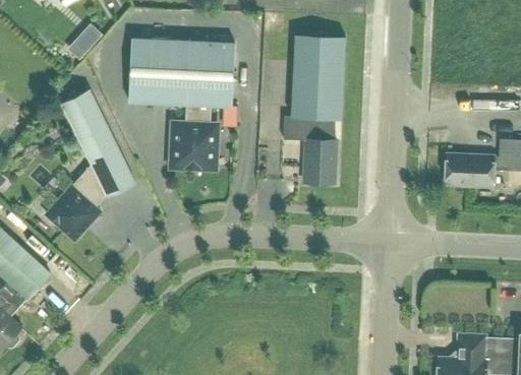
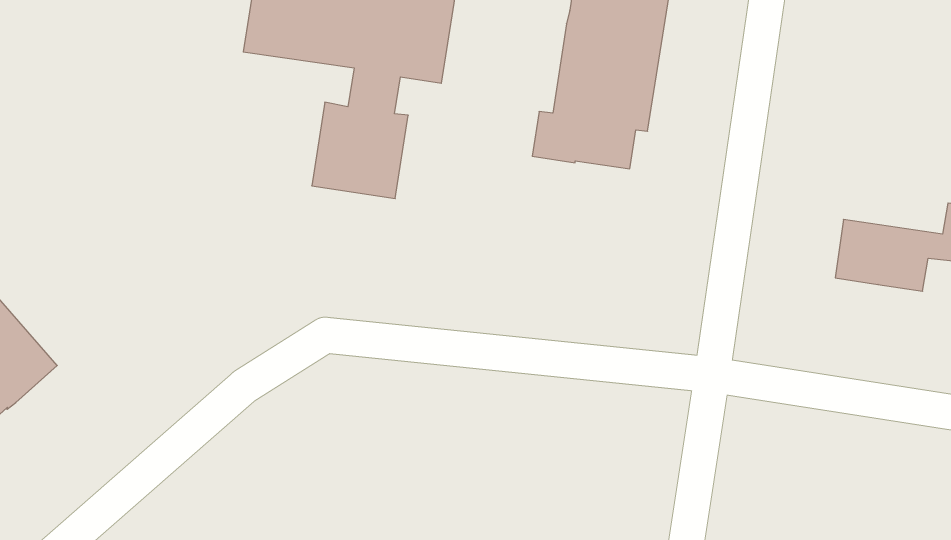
building: [46,89,135,241] -> none
building: [303,139,336,184] -> none

